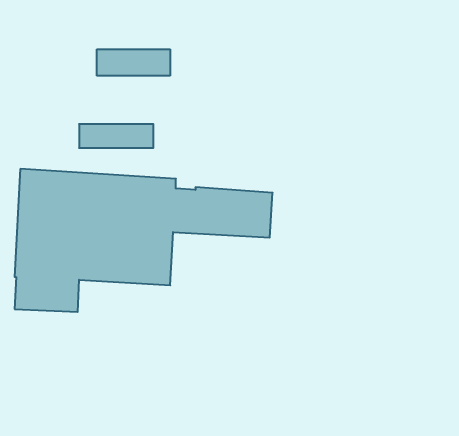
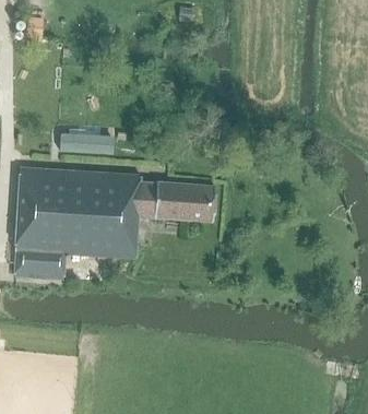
building: [97,49,170,76] -> none

